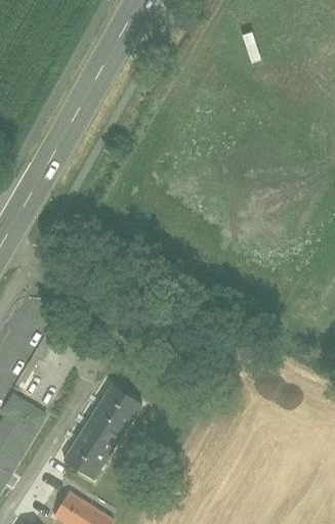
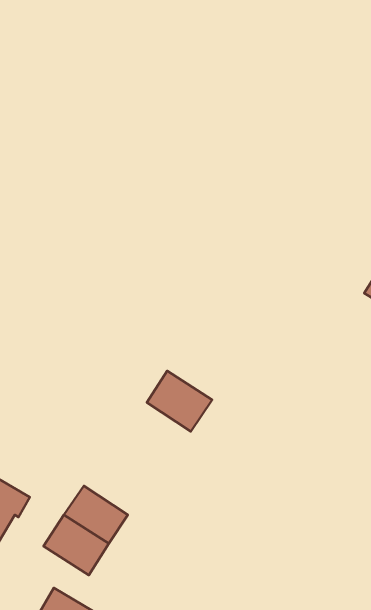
building: [91,384,144,433] -> [147,371,212,431]

